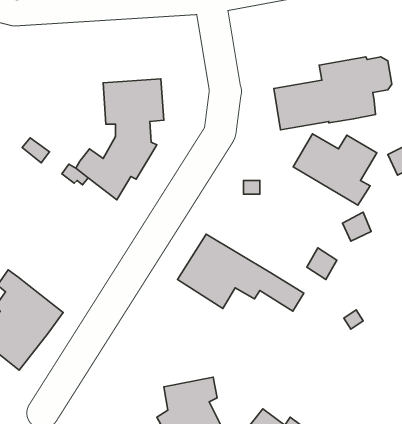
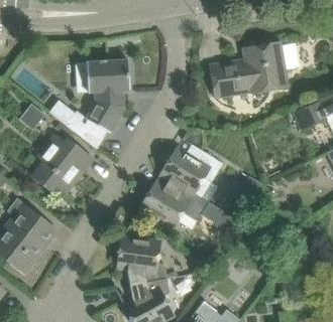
building: [293,134,377,205] -> [160,149,222,201]
building: none -> [31,135,92,193]
building: none -> [116,237,165,285]

